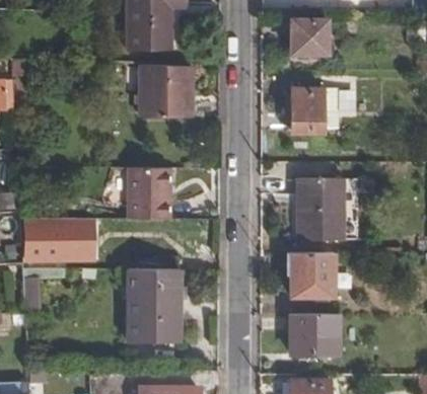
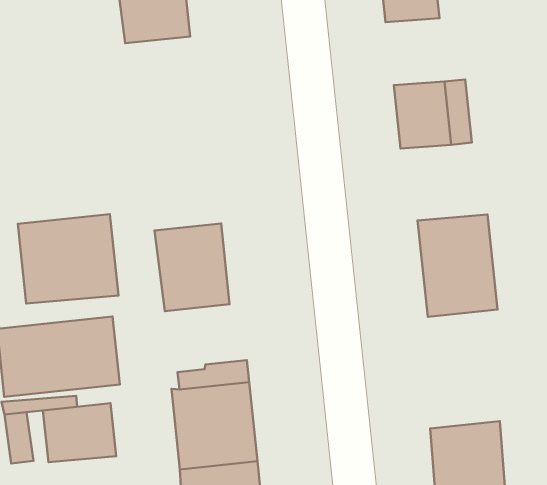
building: [140,63,191,114] -> none
building: none -> [18,214,118,303]
building: [288,253,334,297] -> none
building: none -> [43,403,116,462]

